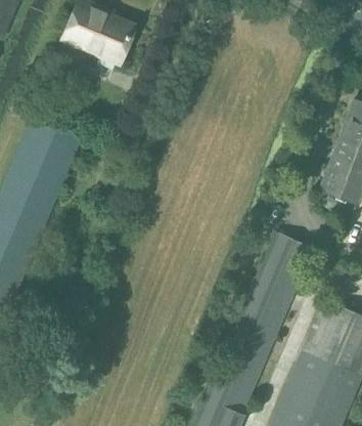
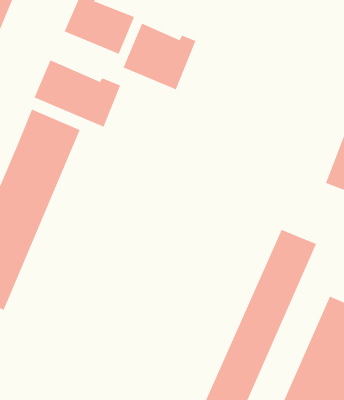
building: none -> [123,23,196,90]
building: none -> [34,59,121,128]

